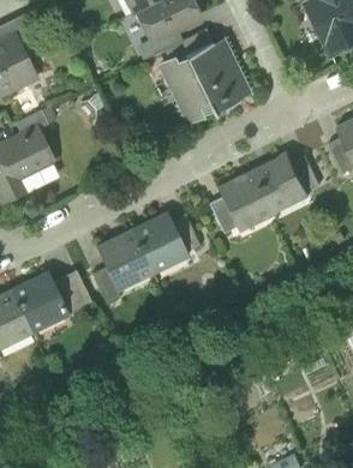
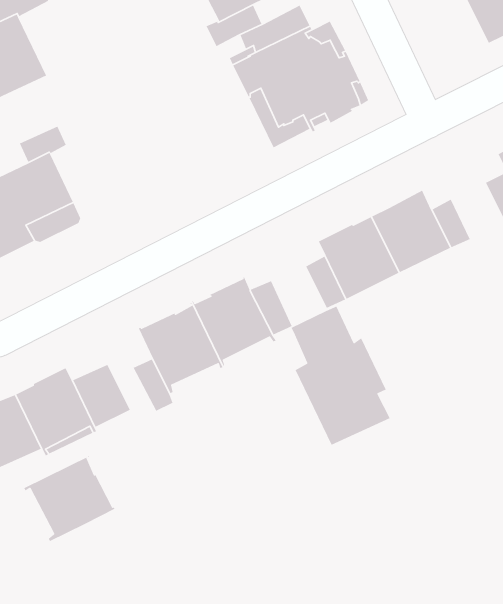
building: none -> [291,305,391,446]
building: none -> [23,455,116,542]

